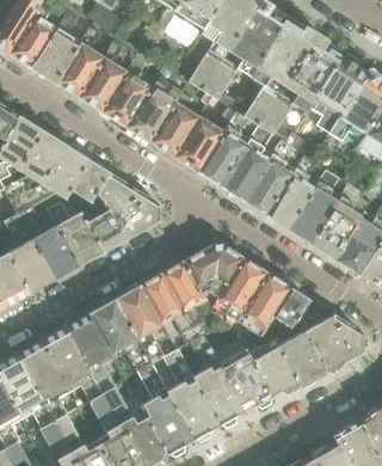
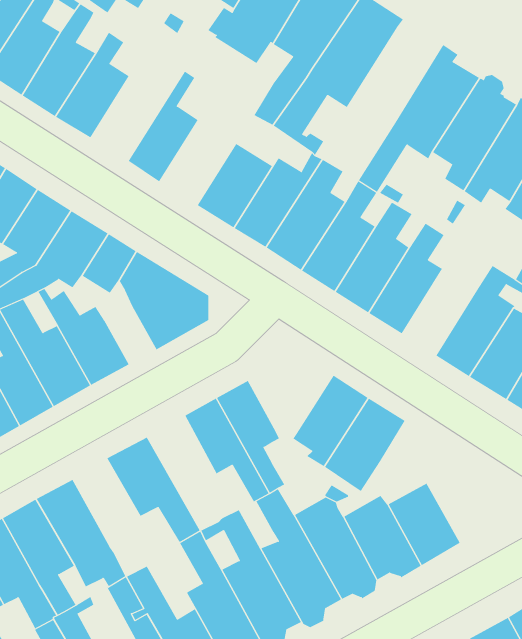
building: [230,23,316,127] -> none
building: [79,36,142,114] -> none
building: [125,68,177,143] -> none
building: [289,170,340,245] -> none
building: [88,211,123,251] -> none
building: [185,245,242,298] -> none
building: [117,286,166,363] -> none
building: [275,289,310,329] -> none
building: [67,314,117,394] -> none
building: [306,315,363,372] -> none

